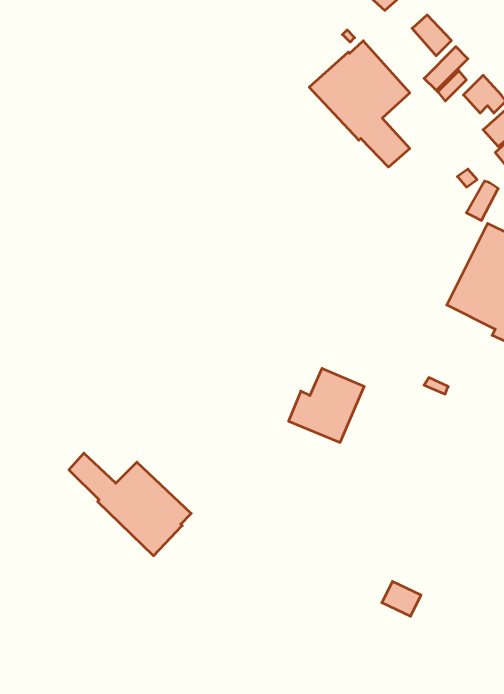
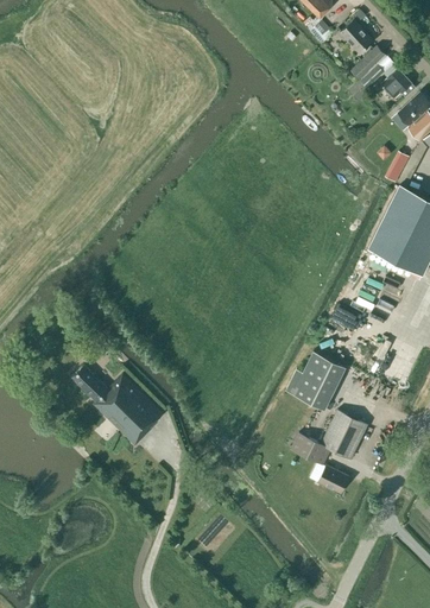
building: [309,41,410,167] -> none
building: [289,368,364,442] -> [286,346,346,404]
building: none -> [290,411,367,466]

